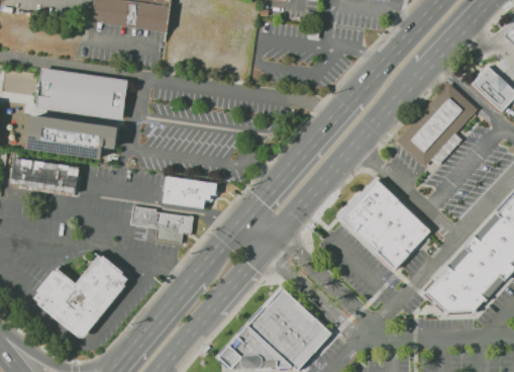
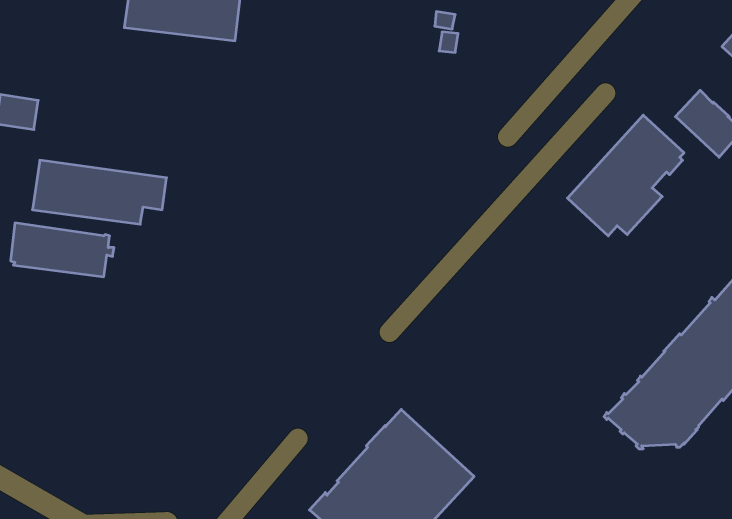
building: [36,68,128,120] -> none
building: [163,176,219,208] -> none
building: [339,180,430,269] -> none
building: [130,206,193,244] -> none
building: [33,255,127,338] -> none

